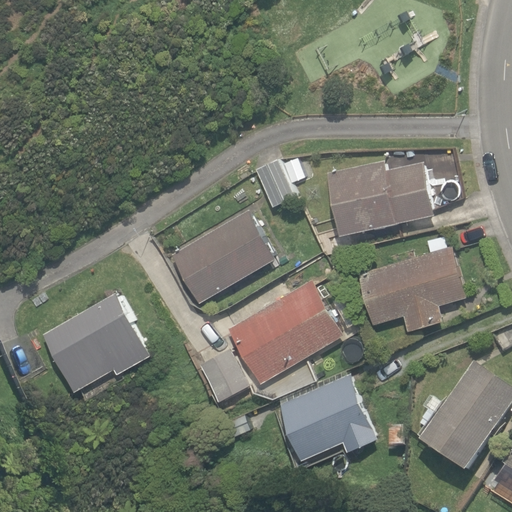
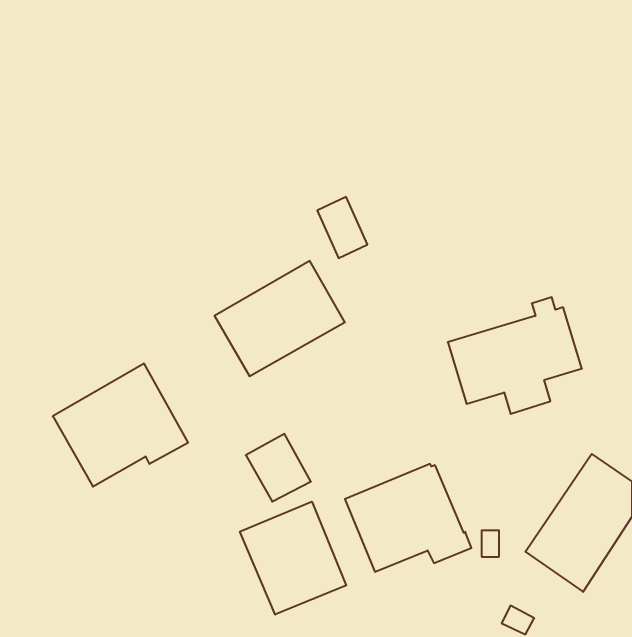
building: [326,161,433,236] -> none
building: [227,281,342,384] -> none
building: none -> [240,502,346,615]

